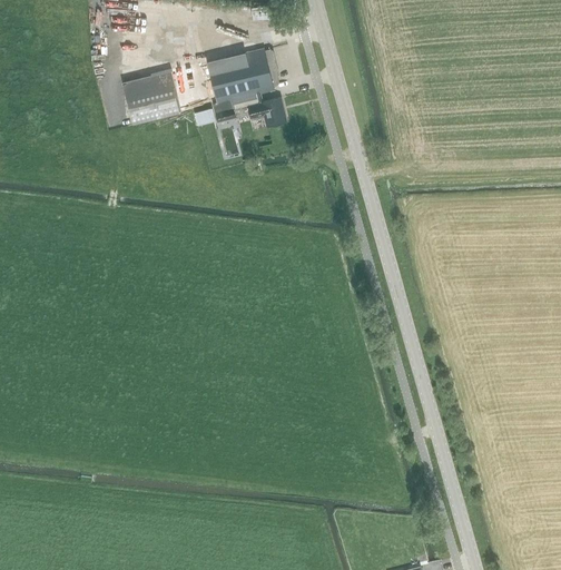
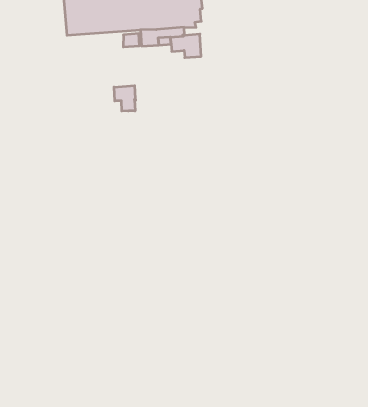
building: none -> [114,86,136,111]

